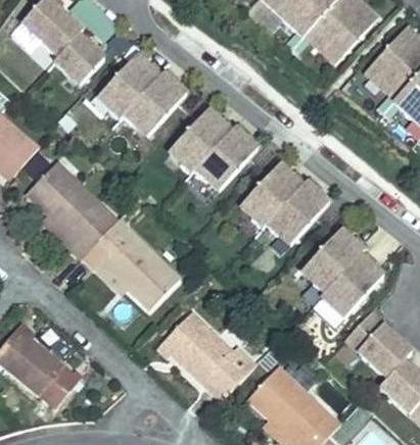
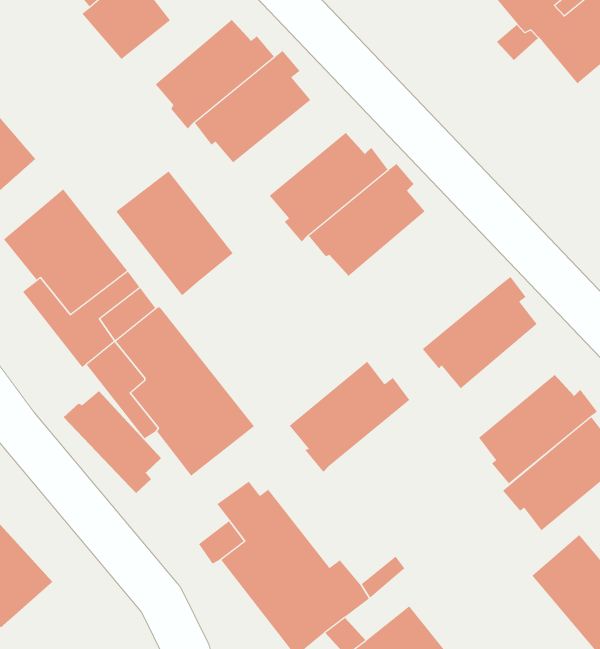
building: none -> [116,170,234,296]
building: [241,161,307,227] -> [289,361,410,473]
building: none -> [63,390,162,494]

